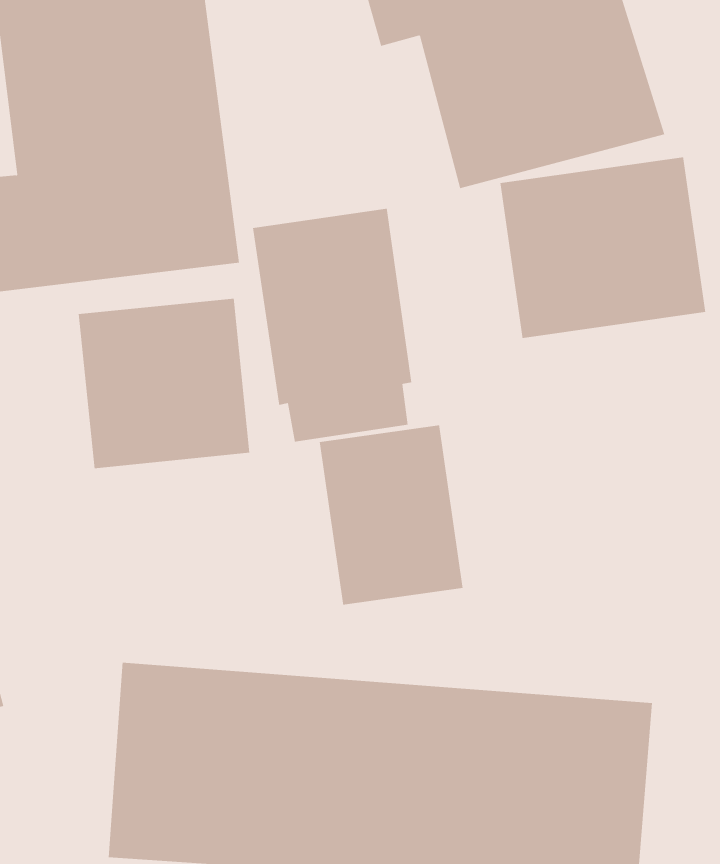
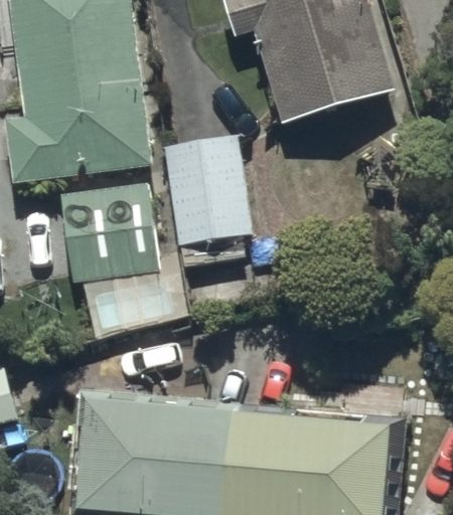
building: [500,157,706,339] -> none
building: [319,424,463,606] -> none

